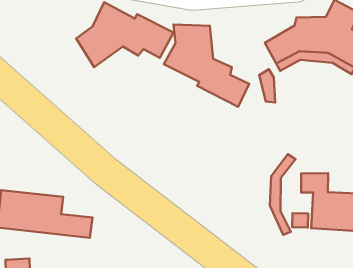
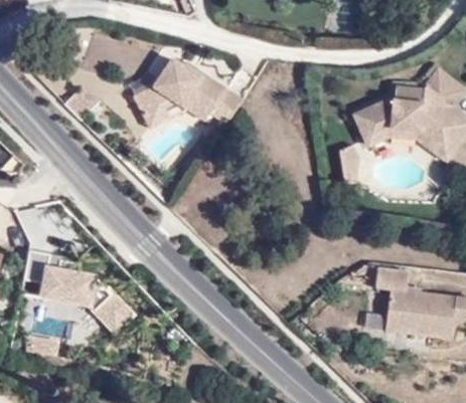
building: [164,24,249,107] -> none
building: [270,154,295,235] -> none

